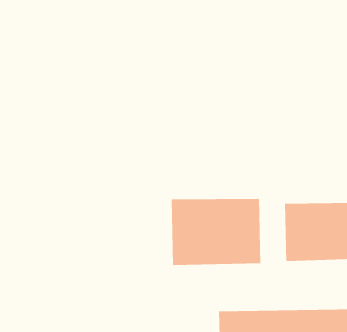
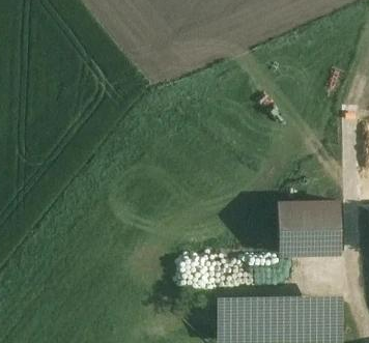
building: [171,198,261,266] -> none

